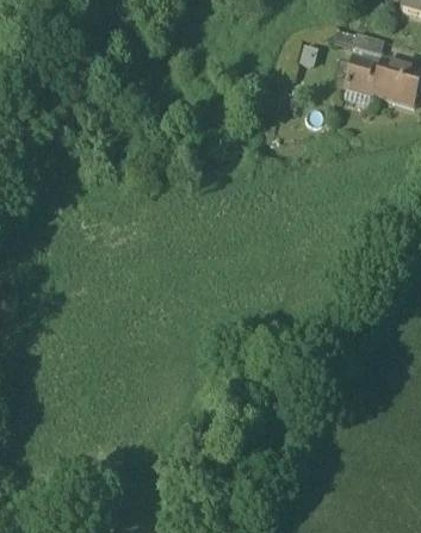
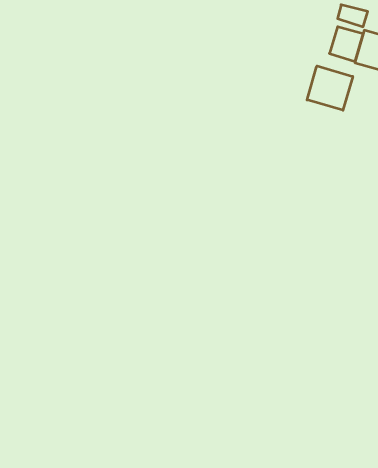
building: none -> [307,66,353,110]

